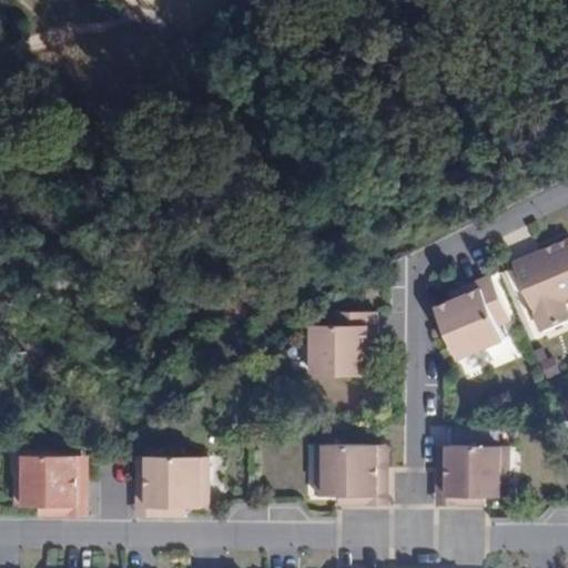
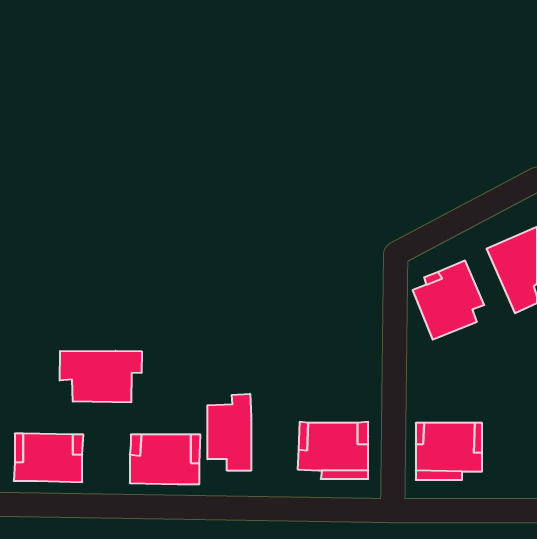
building: [311,311,376,376] -> none
building: none -> [60,351,142,402]
building: none -> [207,394,251,471]

